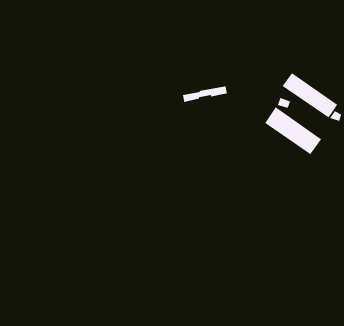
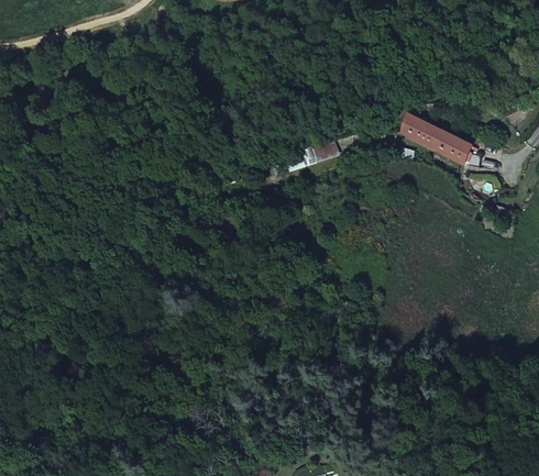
building: [264,106,322,155] -> none

